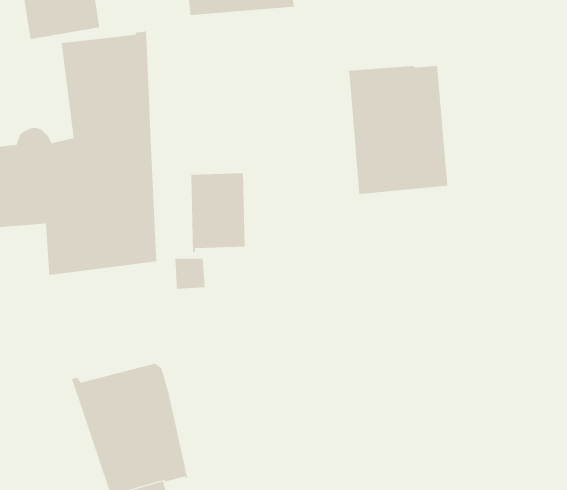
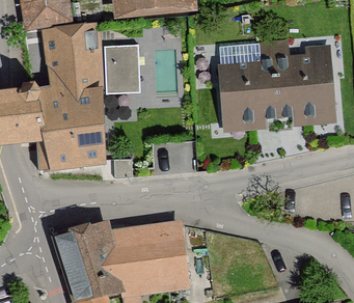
building: none -> [273,43,333,116]
building: [191,173,246,252] -> [105,46,138,93]
building: none -> [111,231,187,293]

